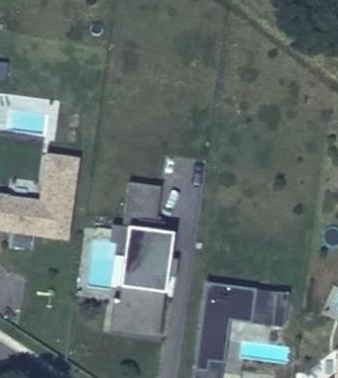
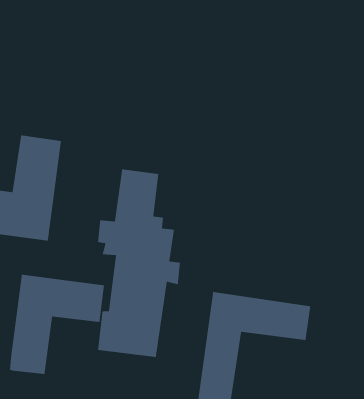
building: none -> [9,274,105,375]

